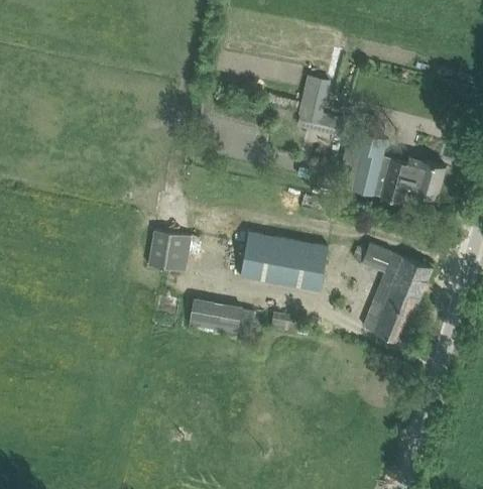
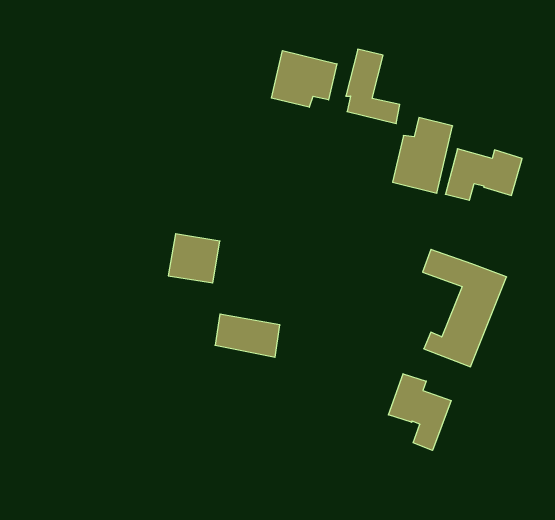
building: none -> [271,51,337,107]
building: [241,233,328,291] -> none
building: none -> [388,374,451,450]

